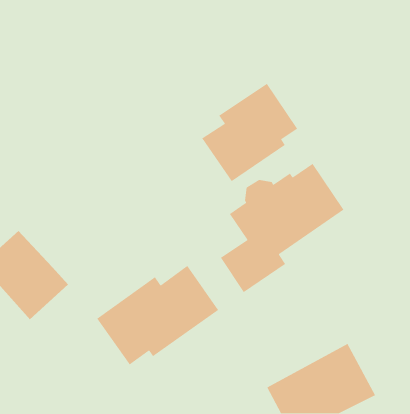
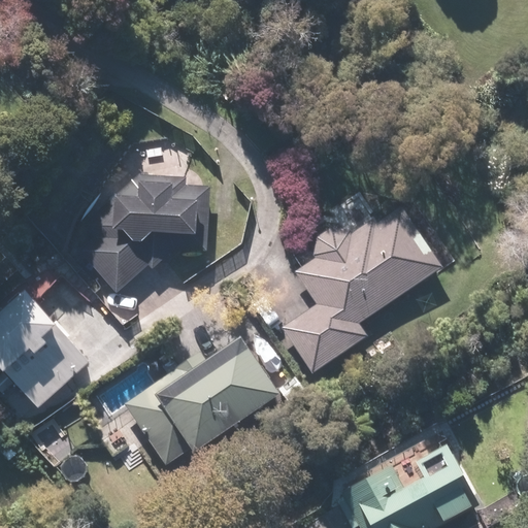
building: [201,83,298,182] -> none
building: none -> [82,176,208,278]

